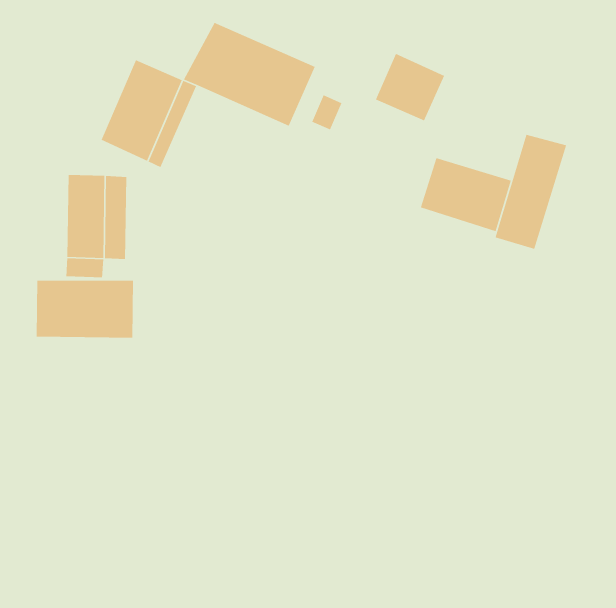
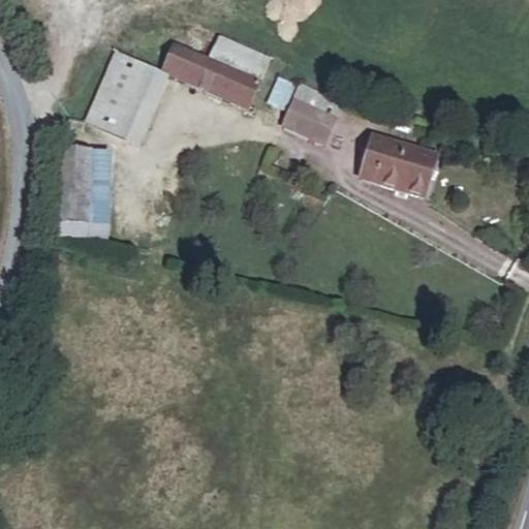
building: [375,53,445,122] -> [281,84,341,143]
building: [494,134,567,250] -> none
building: [36,280,134,338] -> none

